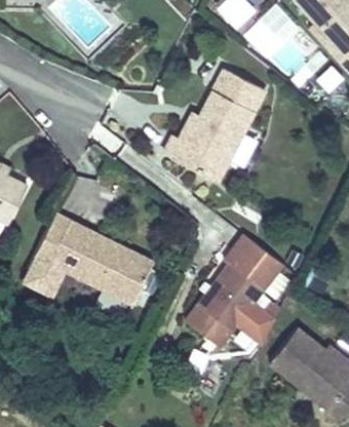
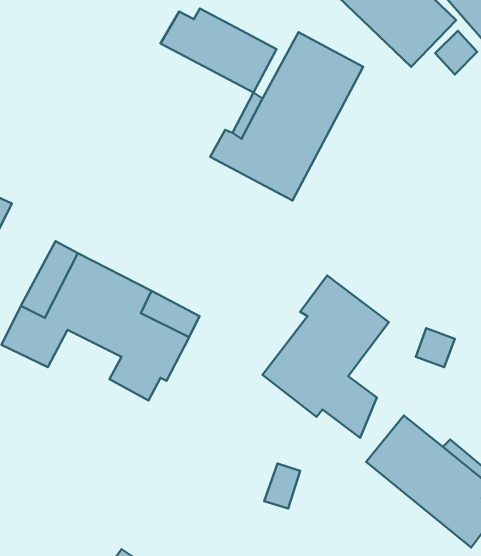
building: none -> [161,8,277,92]
building: [186,302,236,348] -> none

